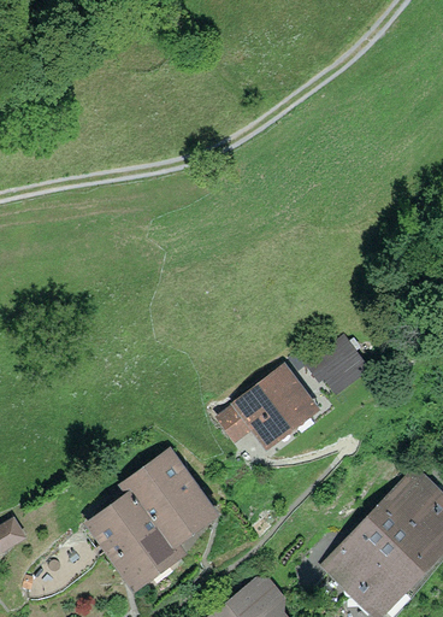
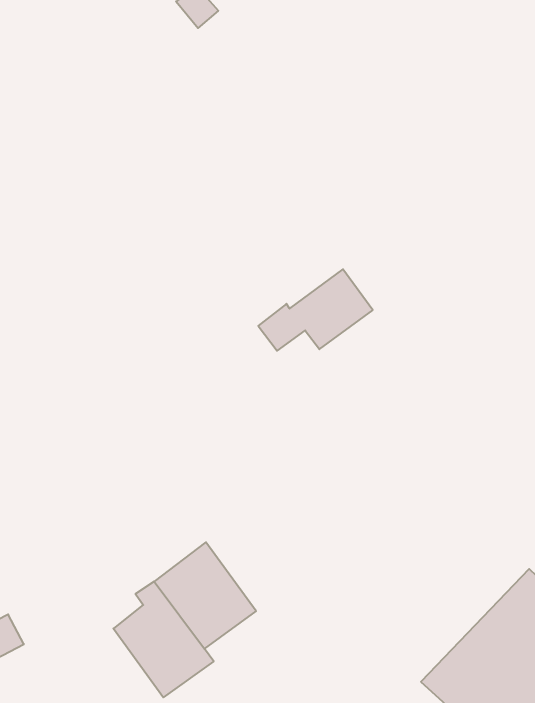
building: [307,333,366,388] -> none
building: [214,372,302,435] -> [258,269,373,351]

